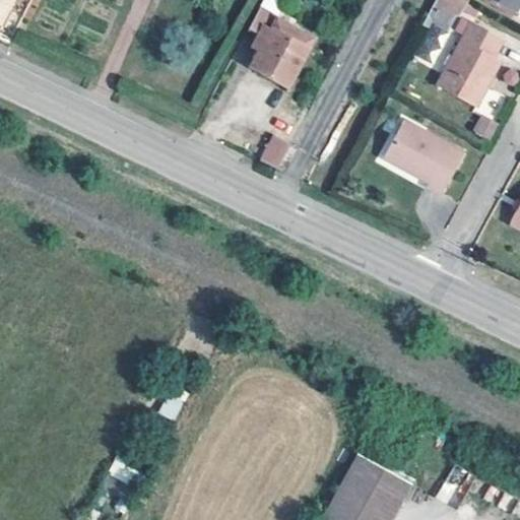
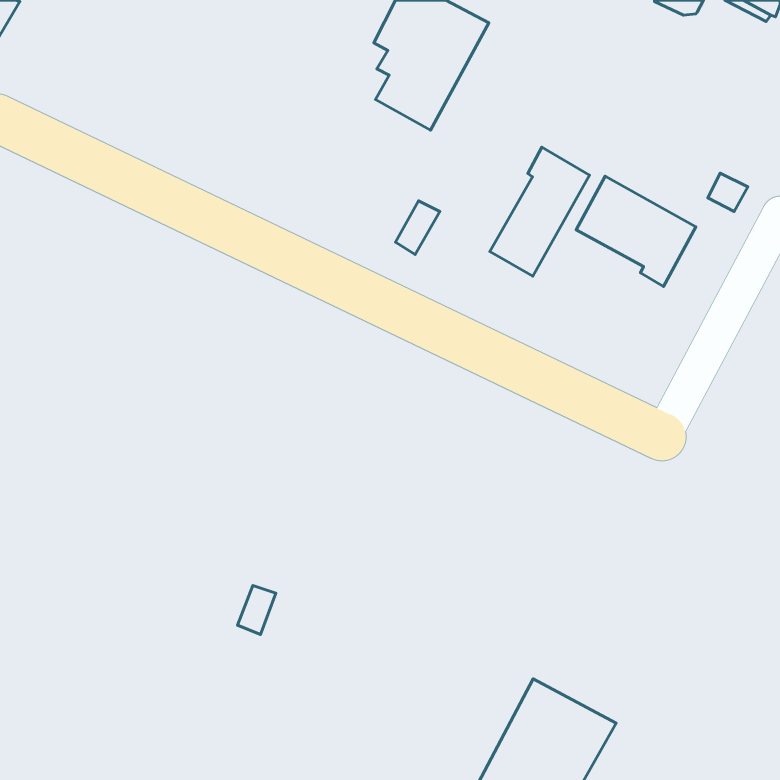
building: [436,21,503,106] -> none
building: none -> [490,147,589,276]

